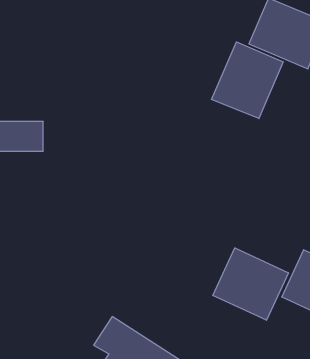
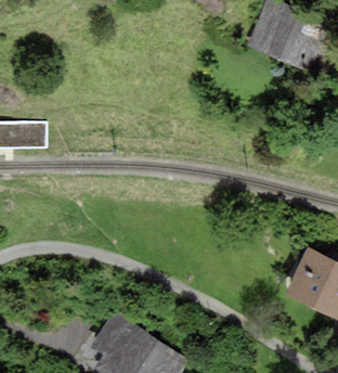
building: [211,42,283,119] -> none
building: [213,248,288,320] -> none

